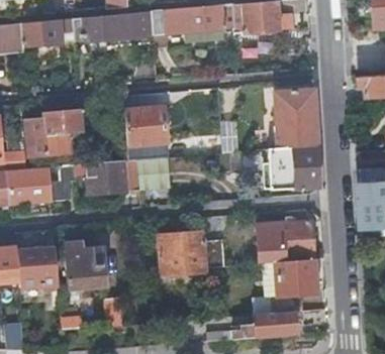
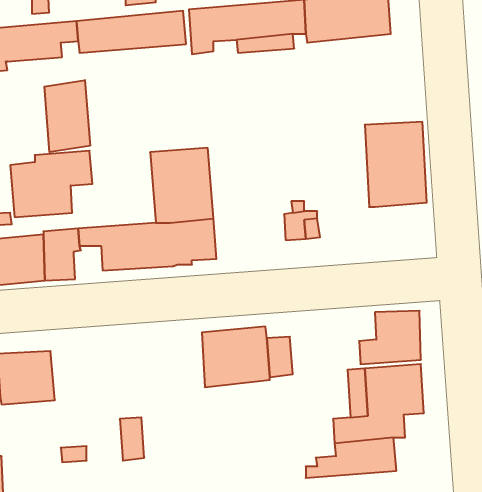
building: none -> [44,80,90,152]
building: [268,145,318,190] -> none
building: [64,241,105,287] -> none

